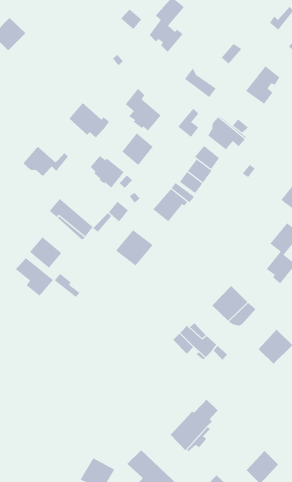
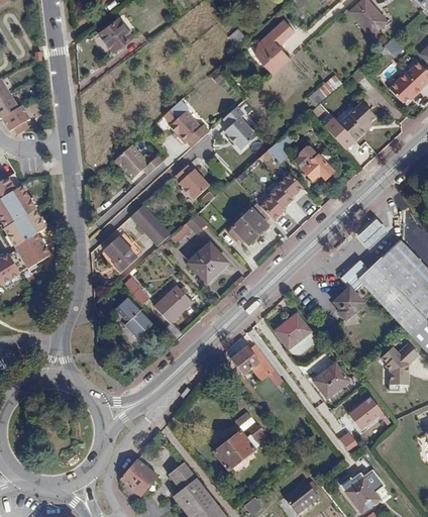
building: [184,67,216,98] -> [325,116,355,148]
building: [121,133,154,166] -> none
building: [15,257,54,297] -> [116,296,152,336]
building: none -> [154,287,192,322]

